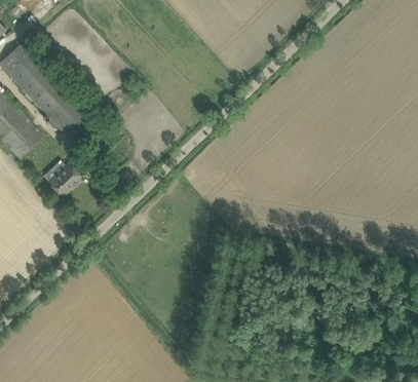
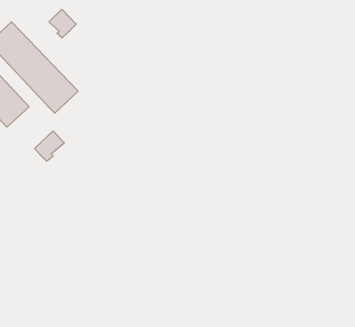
building: none -> [49,9,76,38]

